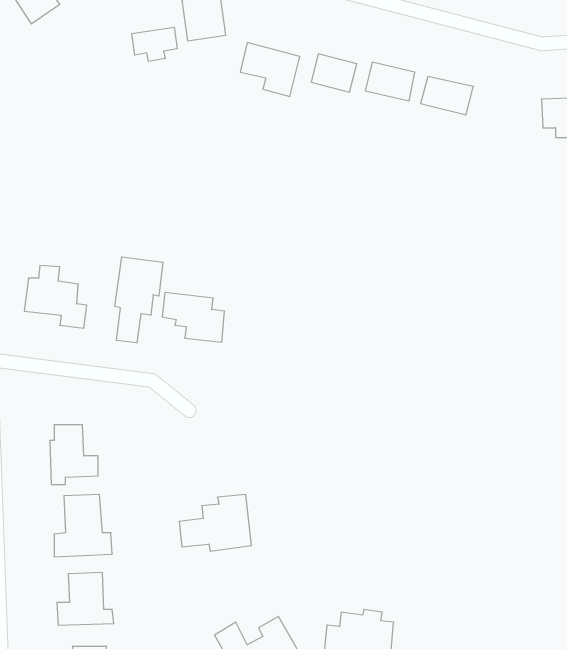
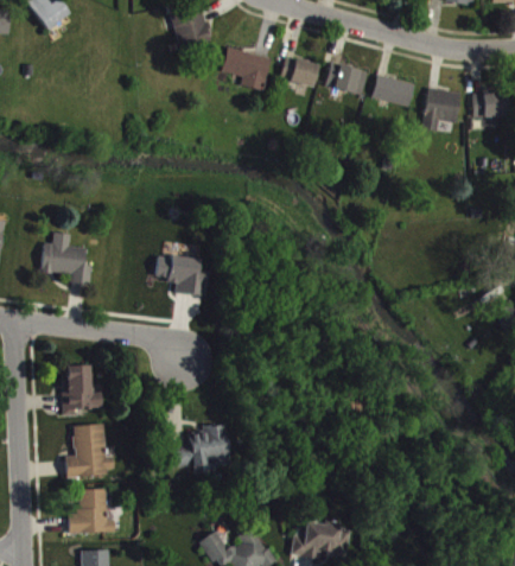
building: [132,27,177,61] -> none
building: none -> [422,89,460,132]
building: [115,257,163,343] -> none

